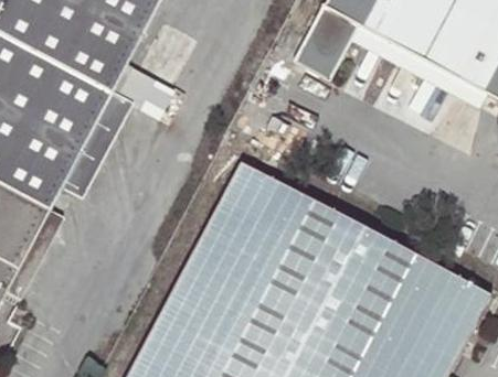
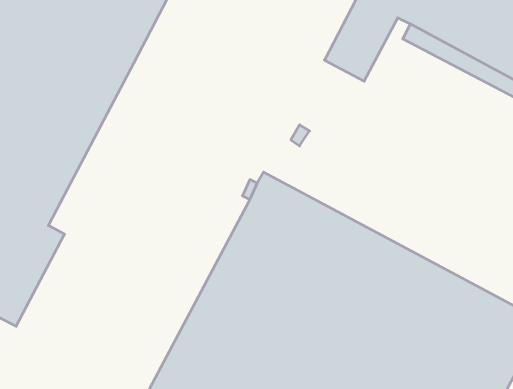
building: [60,63,171,197] -> none

